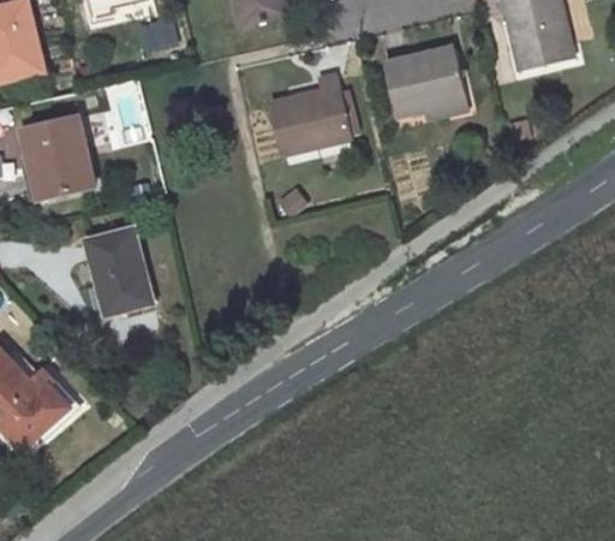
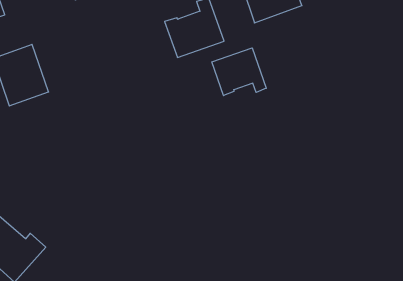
building: none -> [212,48,266,96]
building: [85,226,150,314] -> none

